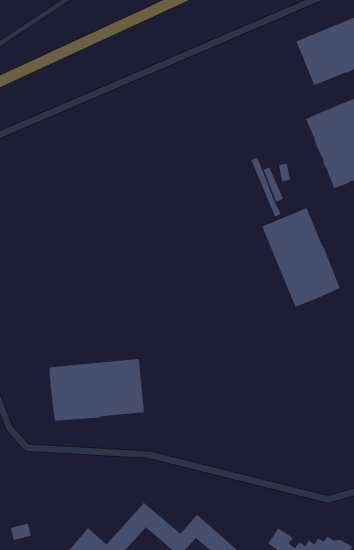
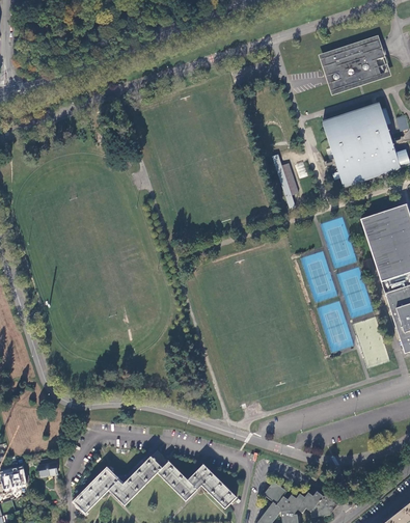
building: [261,207,341,307] -> none
building: [49,358,144,422] -> none

